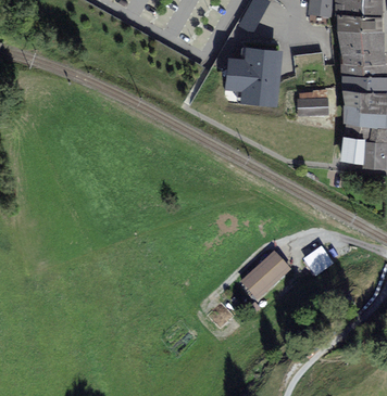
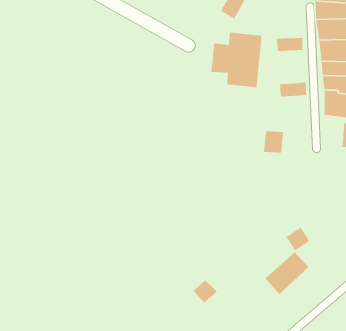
building: [342,136,364,159] -> [263,131,284,154]
building: [242,254,289,299] -> [265,251,309,295]

